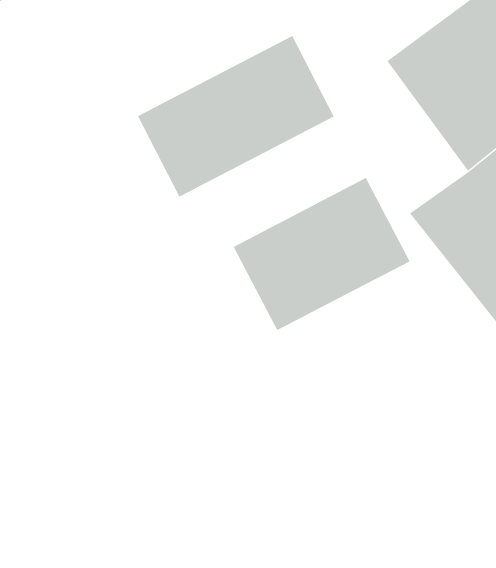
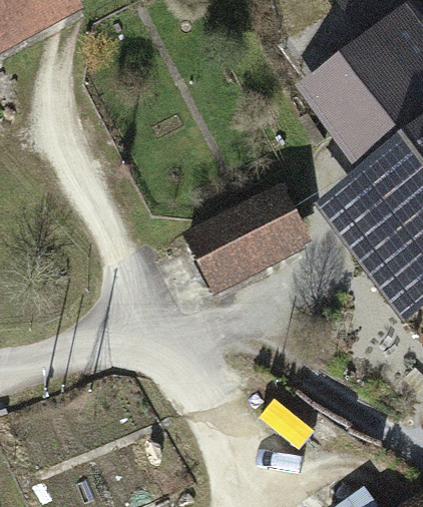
building: [137,35,334,197] -> none

